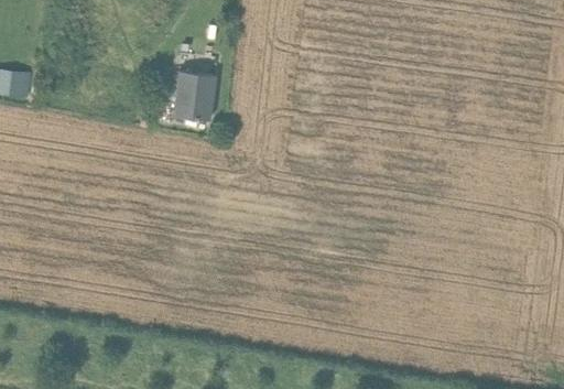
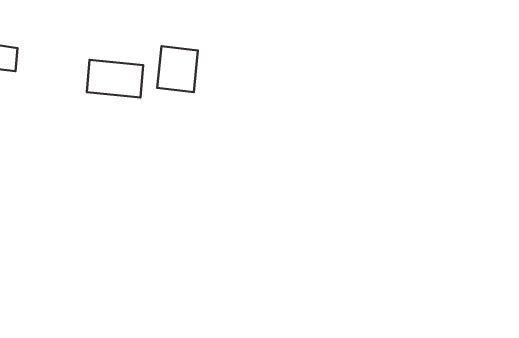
building: none -> [87,60,143,97]

